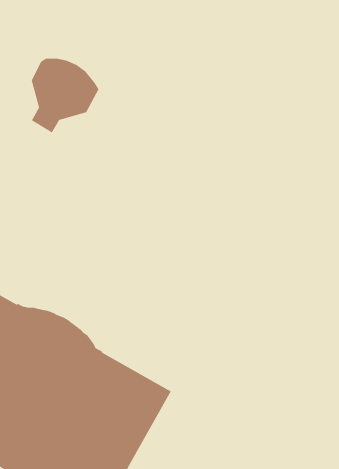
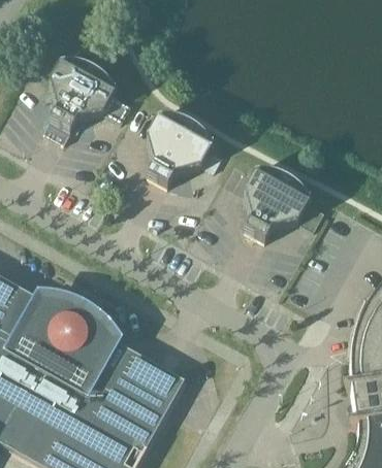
building: none -> [148,114,214,186]
building: none -> [245,169,311,240]

